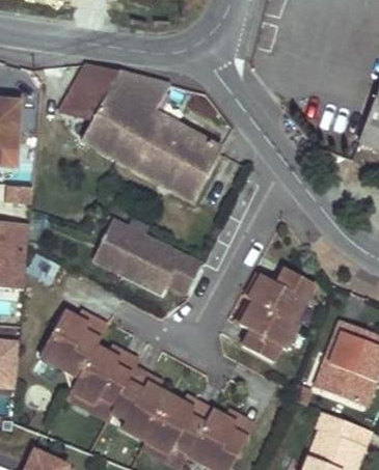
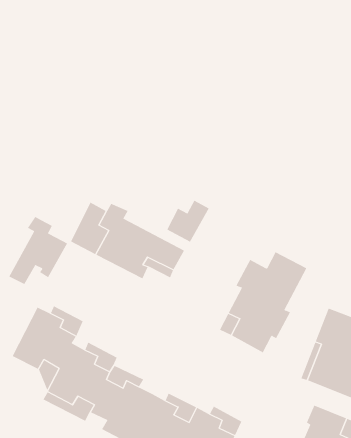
building: [61,61,223,198] -> none
building: none -> [167,200,210,243]
building: none -> [9,216,68,285]

